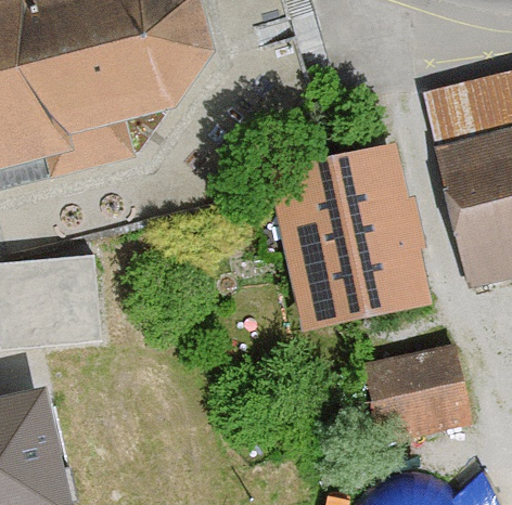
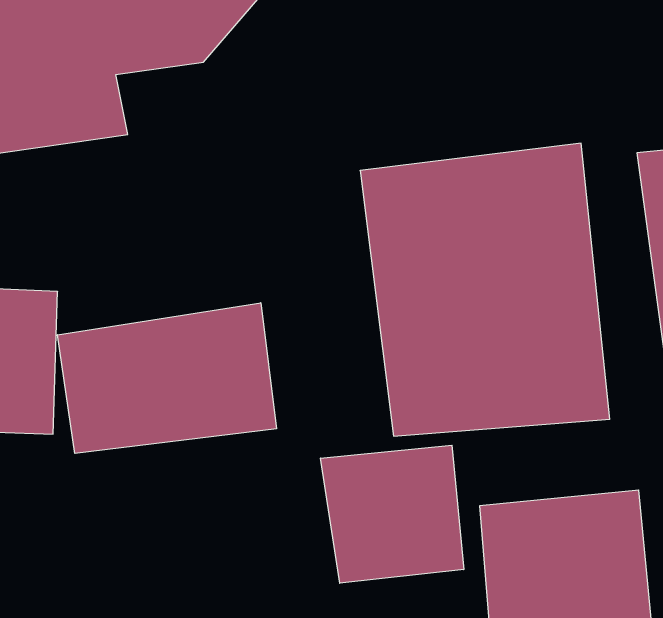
building: none -> [58,303,276,453]
building: none -> [321,445,464,583]

